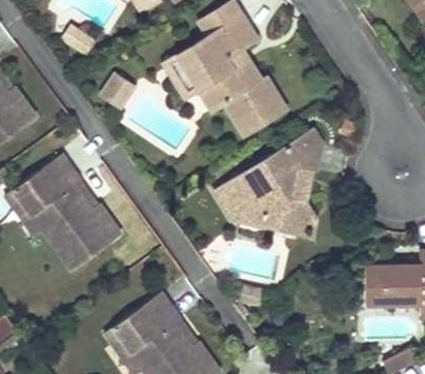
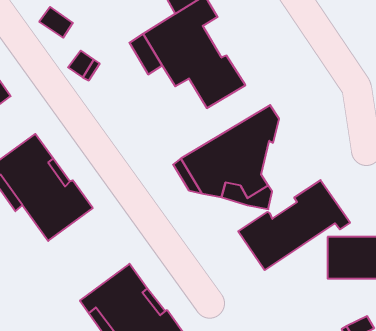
building: none -> [238,180,350,270]

